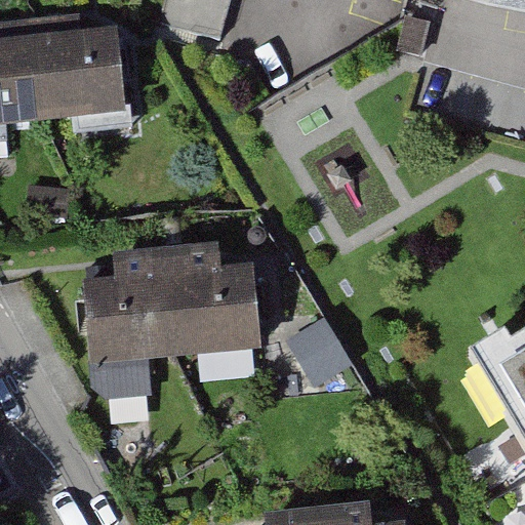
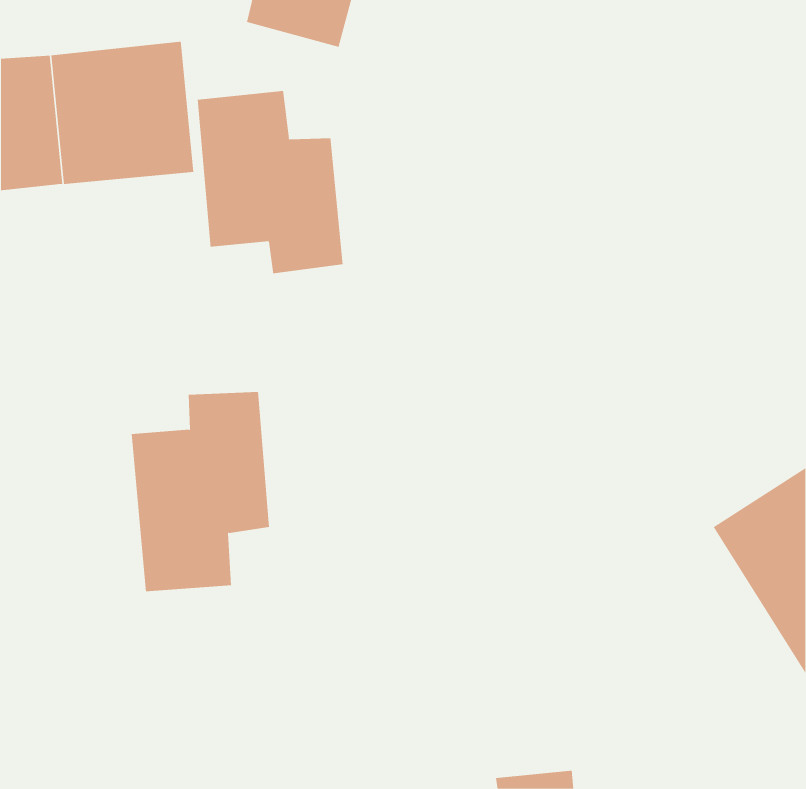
building: none -> [197,90,343,274]
building: [168,249,261,342] -> none

